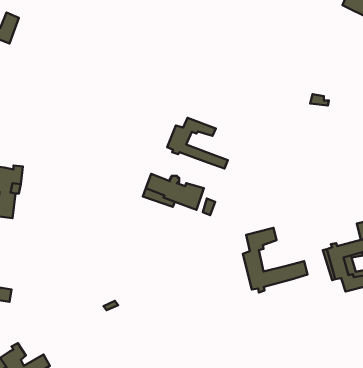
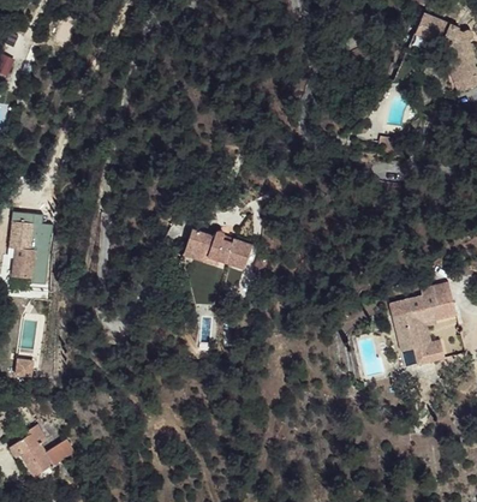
building: [167,118,228,168] -> none
building: [243,228,308,292] -> none

